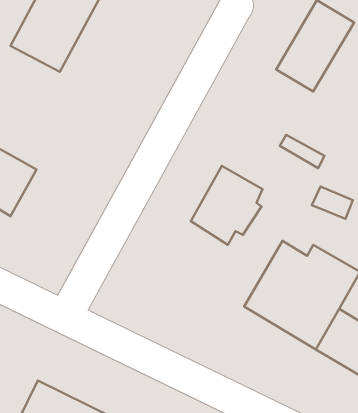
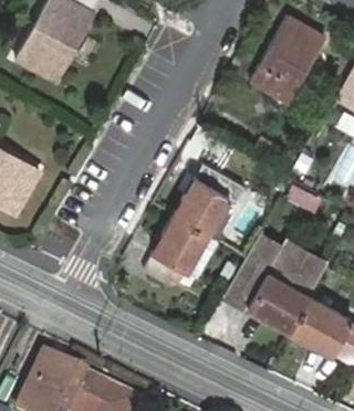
building: none -> [147,215,210,286]

